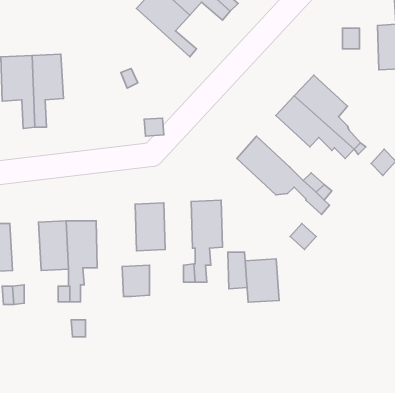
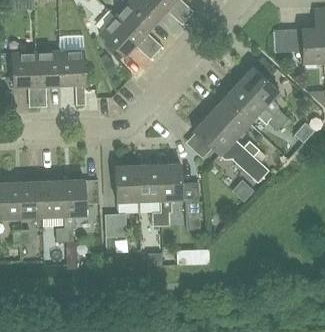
building: none -> [99,16,157,60]
building: none -> [58,50,85,106]
building: none -> [208,98,249,138]
building: none -> [137,164,159,201]
building: none -> [19,180,43,217]
building: [245,259,279,302] -> none

